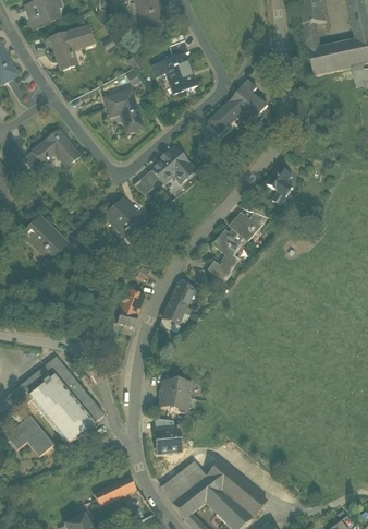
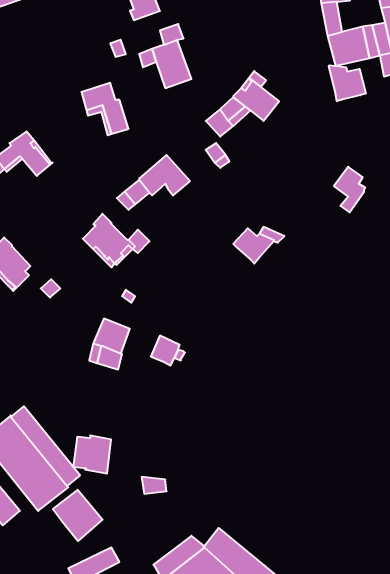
building: [51,25,94,69] -> none
building: none -> [329,65,366,101]
building: [268,164,294,202] -> [334,167,365,212]
building: [209,226,245,279] -> none
building: [170,278,196,306] -> none
building: [160,380,192,411] -> [73,436,111,474]
building: none -> [53,490,103,541]
building: [156,429,182,452] -> none

